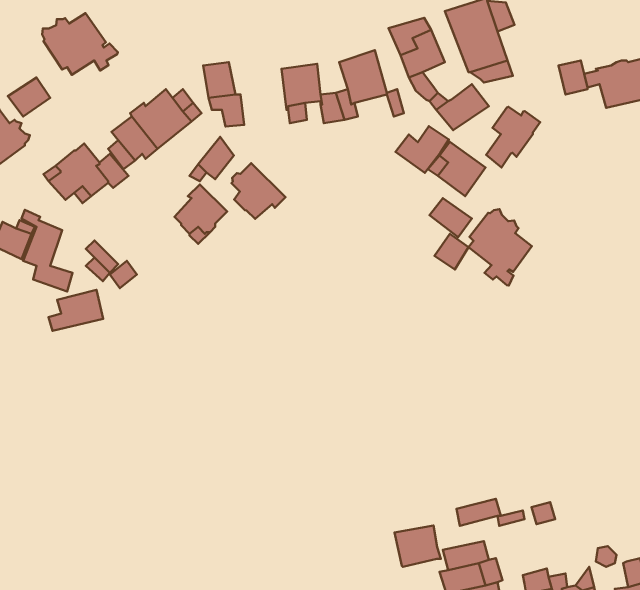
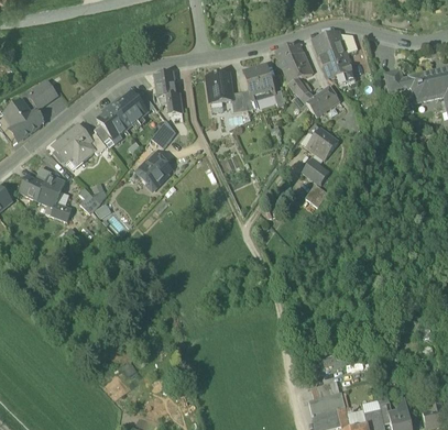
building: [42,13,118,75] -> none
building: [486,107,540,168] -> none
building: [396,126,449,173] -> none
building: [231,163,285,219] -> none
building: [468,209,532,286] -> none
building: [49,290,103,331] -> none
building: [395,525,441,567] -> none

